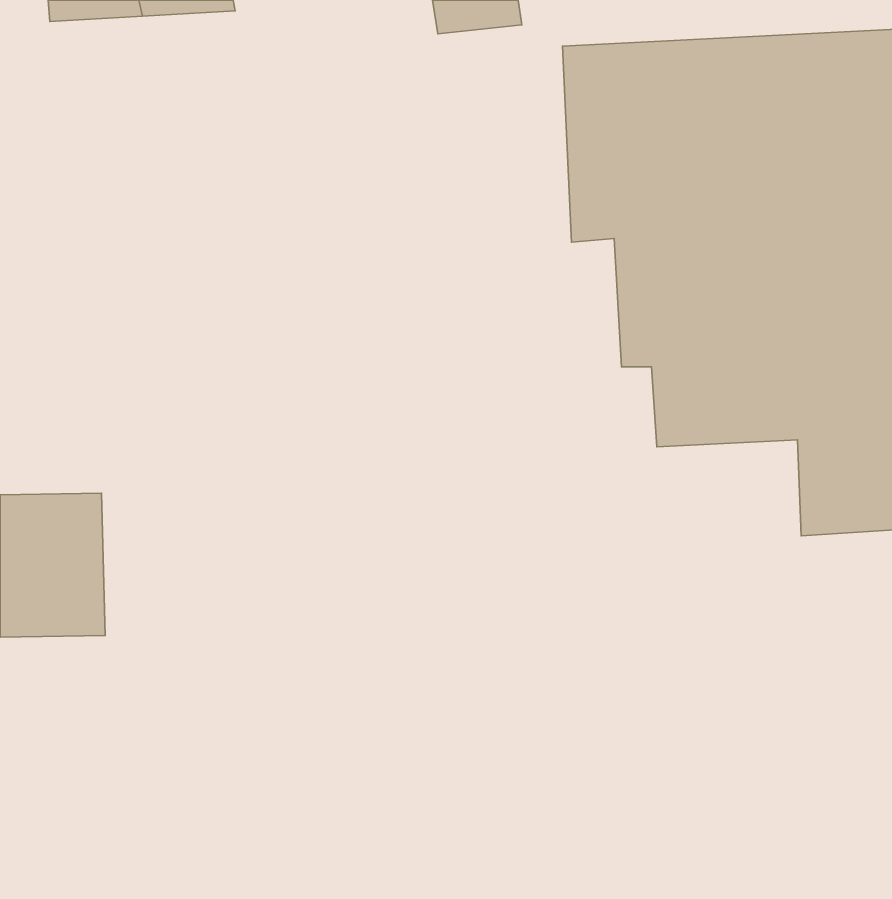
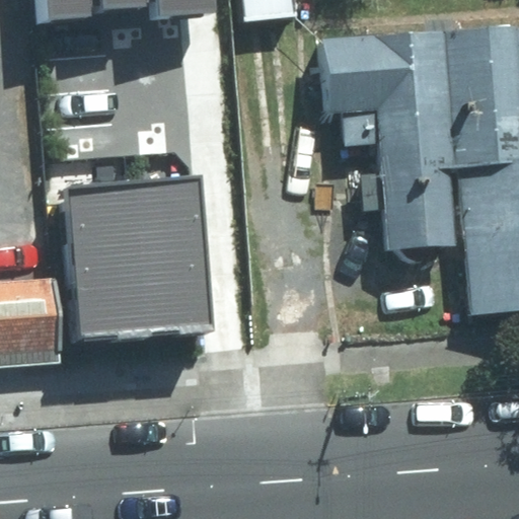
building: none -> [65,176,210,340]

